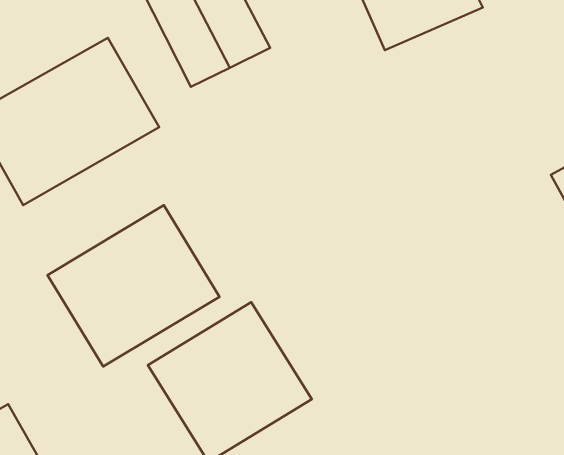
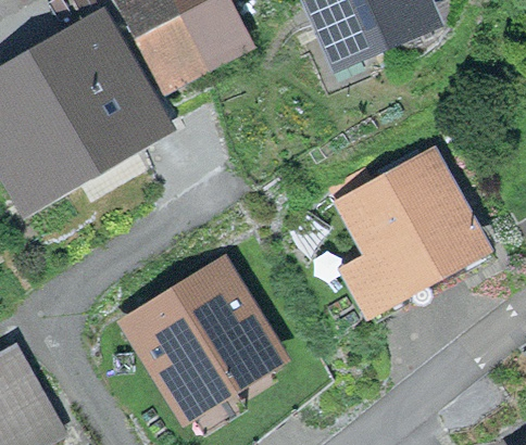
building: none -> [348,161,476,293]
building: [48,205,220,367] -> none

